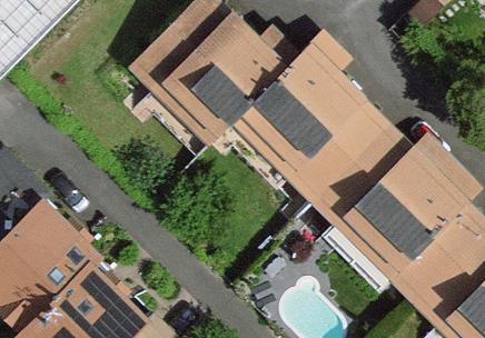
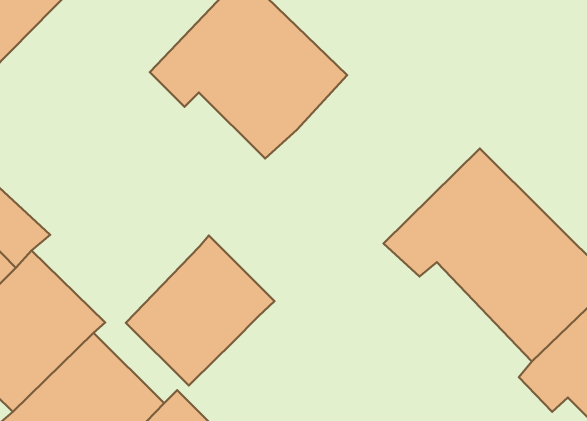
building: [247,48,388,200] -> none
building: none -> [126,236,275,386]

